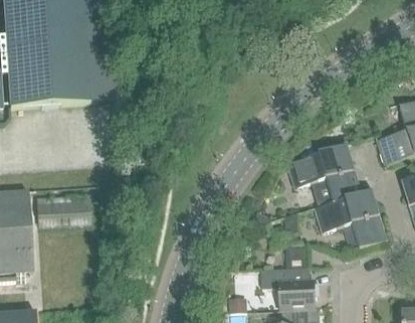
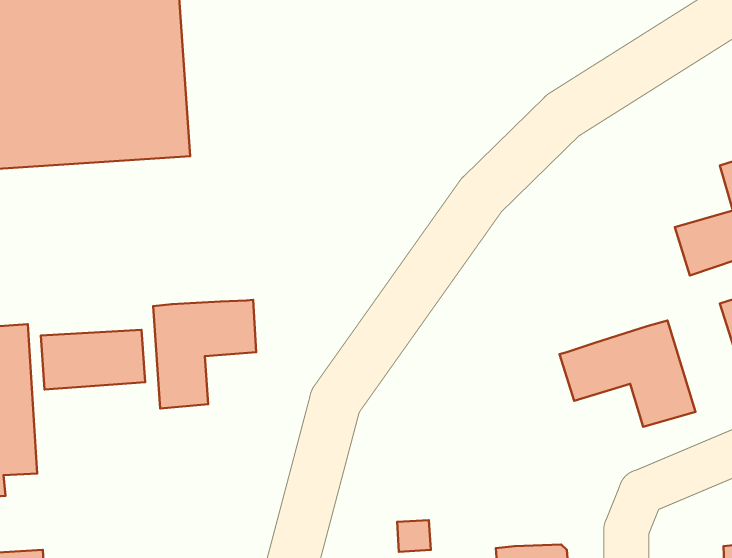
building: [288,143,362,205] -> none
building: none -> [153,300,256,409]
building: [261,267,316,311] -> none

